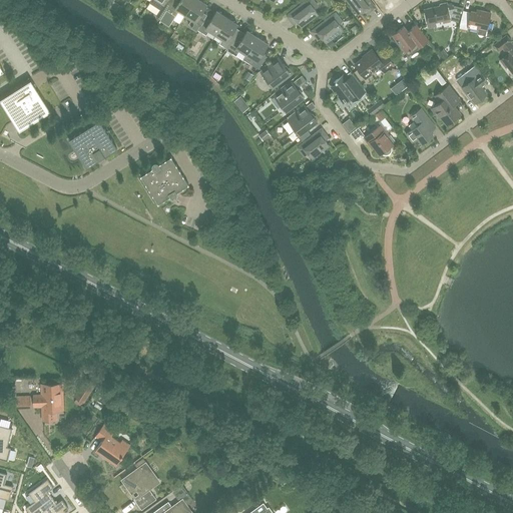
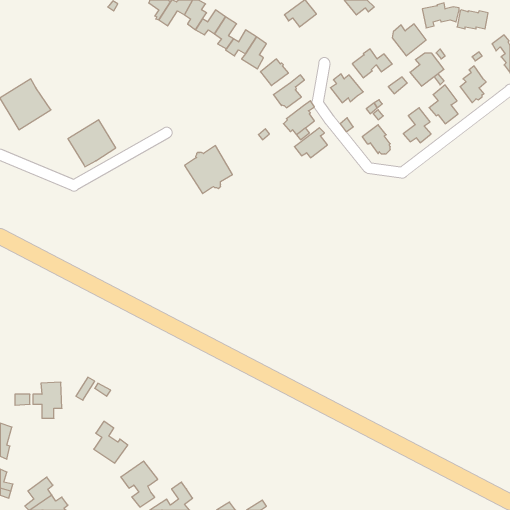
building: [310,12,343,43] -> none
building: none -> [410,53,444,86]
building: [140,155,188,203] -> [185,146,232,194]

